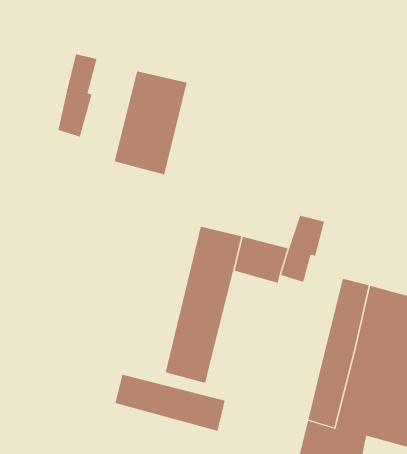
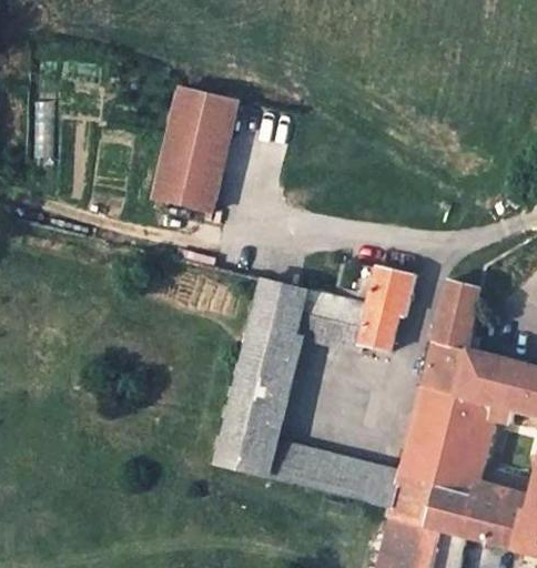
building: [58,53,97,137] -> none
building: none -> [433,281,476,351]
building: [115,374,226,431] -> [266,435,402,505]

